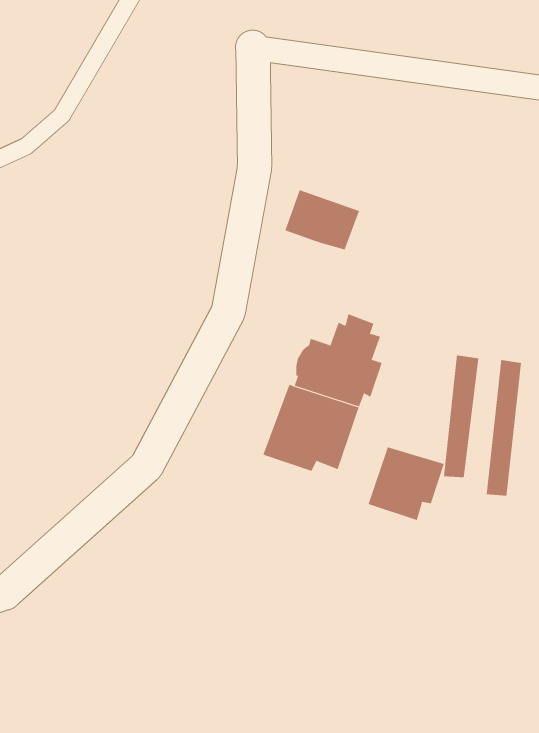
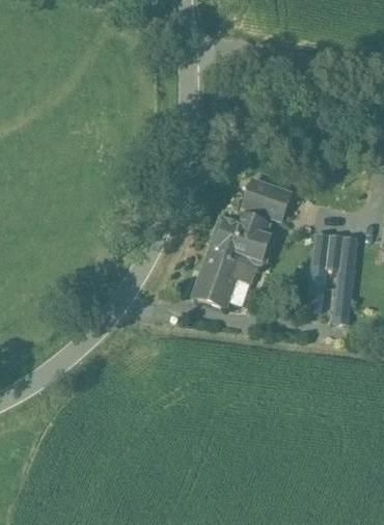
building: [284,189,360,250] -> [242,179,290,218]
building: [368,447,445,521] -> none

